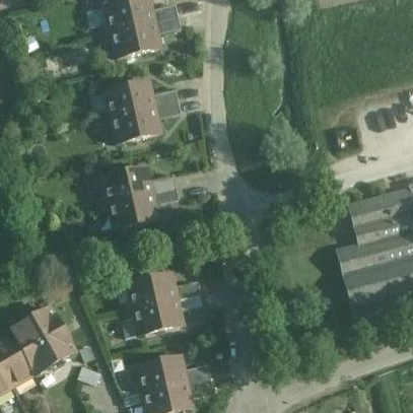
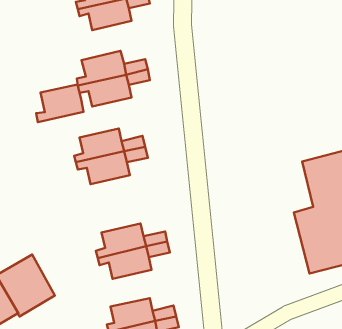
building: none -> [36,84,83,122]

